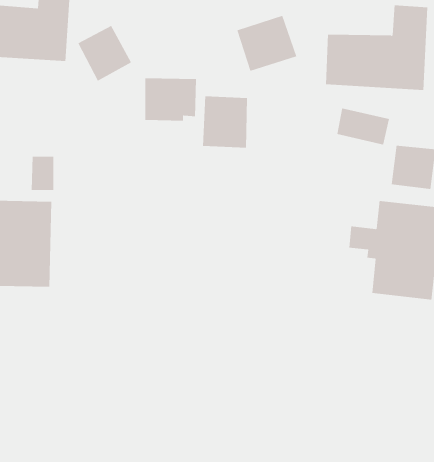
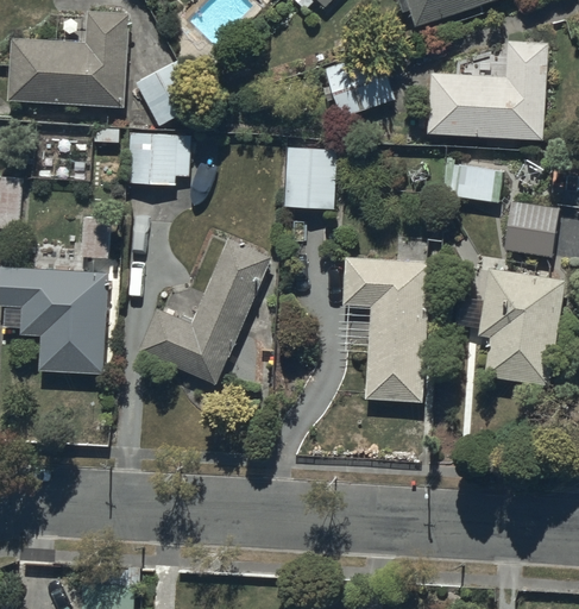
building: [144,78,197,121] -> [127,133,189,184]
building: none -> [137,239,272,385]
building: none -> [342,257,432,403]

